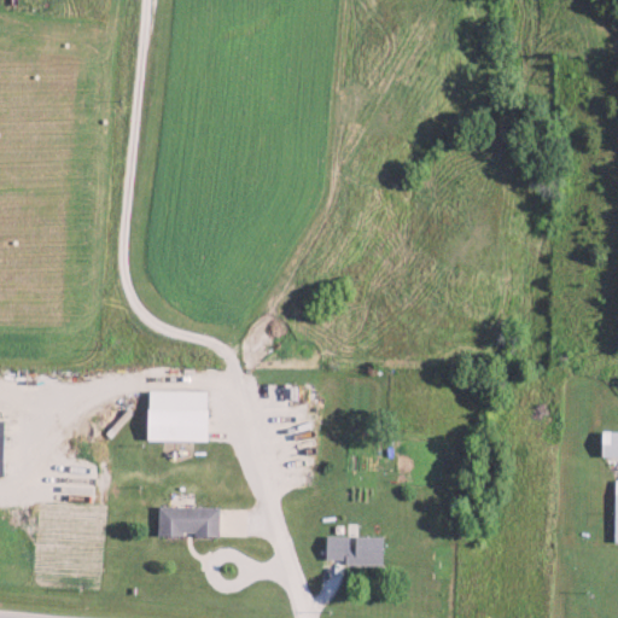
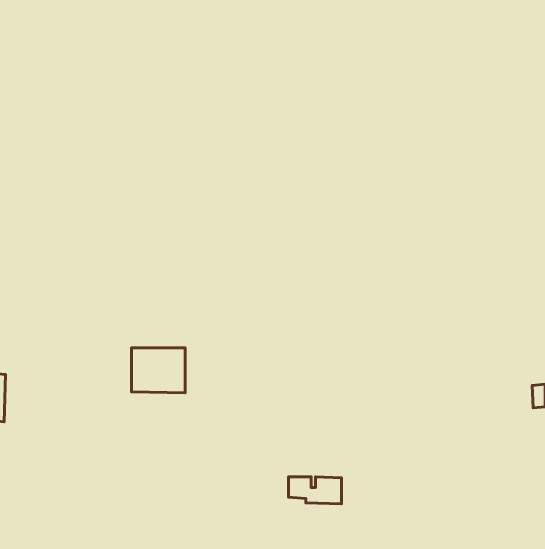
building: [154,507,217,537] -> none

